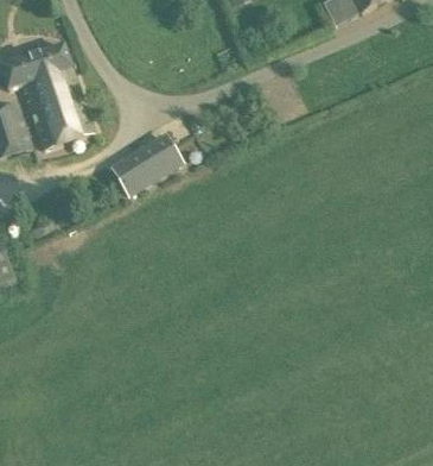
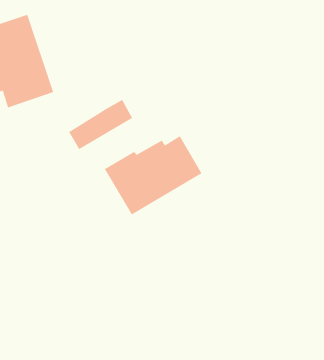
building: none -> [104,135,203,215]

